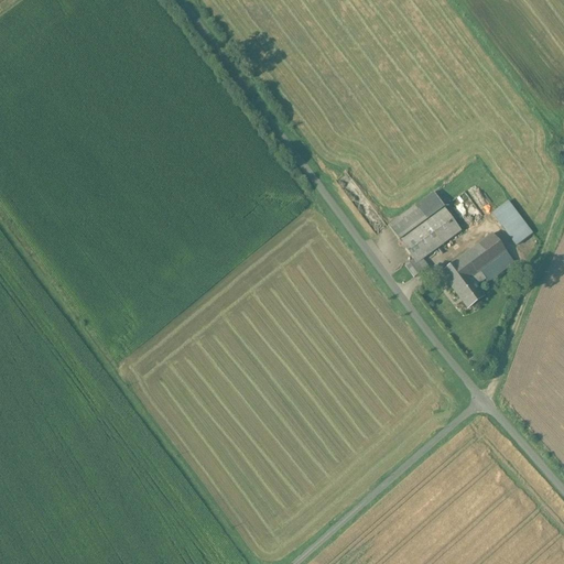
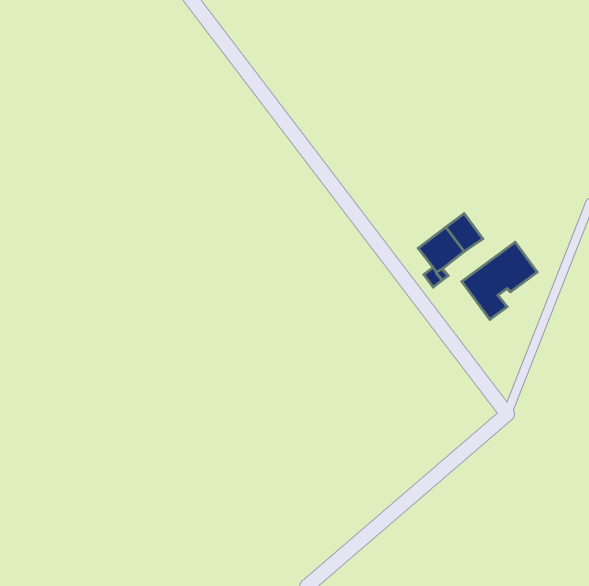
building: [494,199,532,242] -> none
building: [390,204,426,237] -> none

